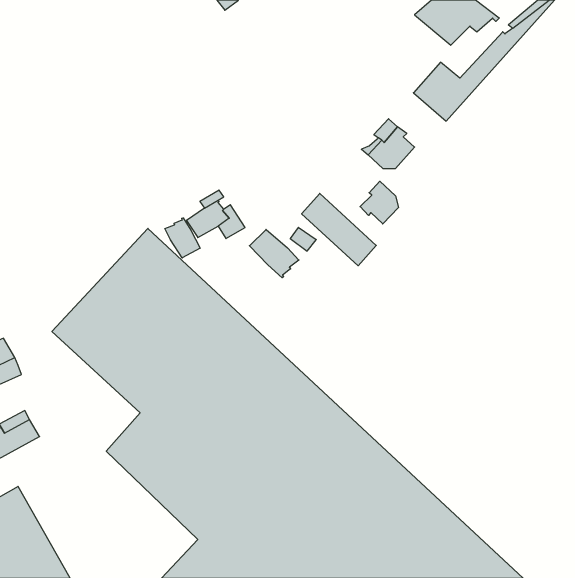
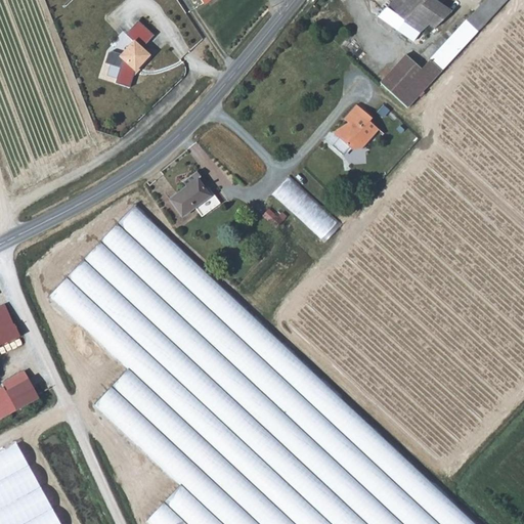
building: none -> [100,20,155,88]
building: [360,181,398,224] -> none
building: [165,218,200,258] -> none
building: [249,229,299,278] -> none

